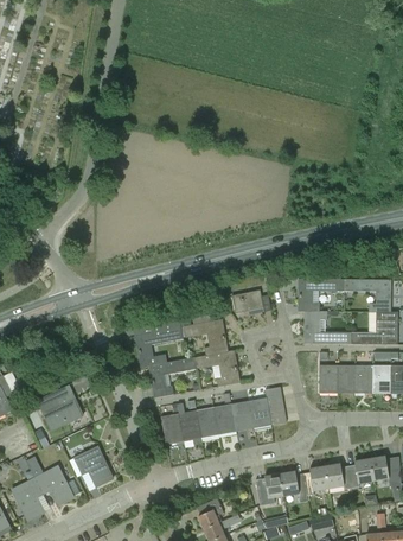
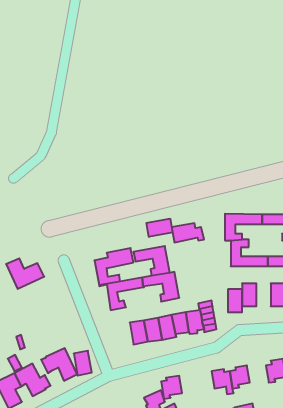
building: none -> [146,219,173,237]
building: [337,364,354,393] -> [228,289,242,312]
building: [37,392,84,429] -> [6,258,44,289]
building: [161,413,184,444] -> [74,351,92,376]
building: [325,464,352,489] -> none
building: [258,473,284,502] -> [161,376,182,399]

